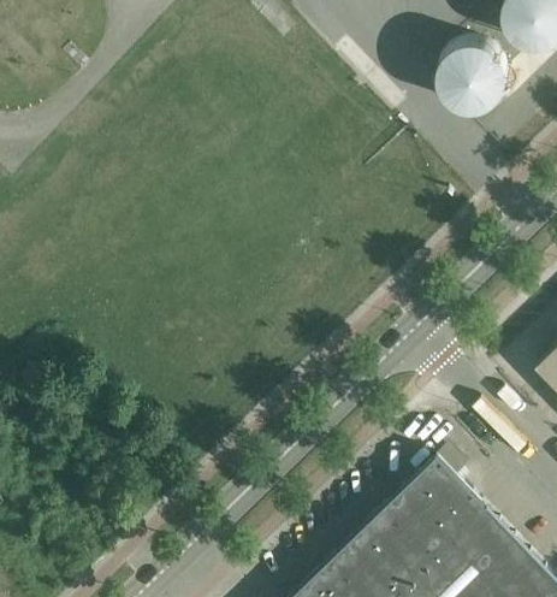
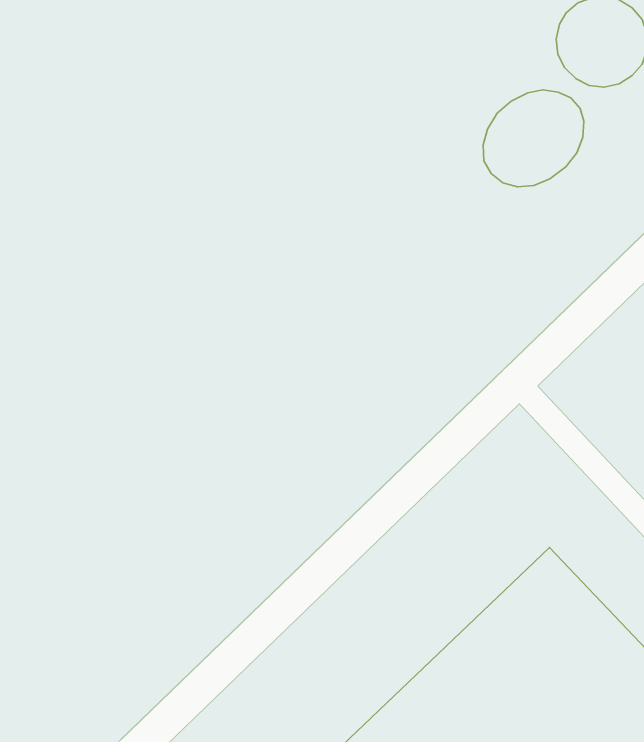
building: none -> [483,90,584,187]

